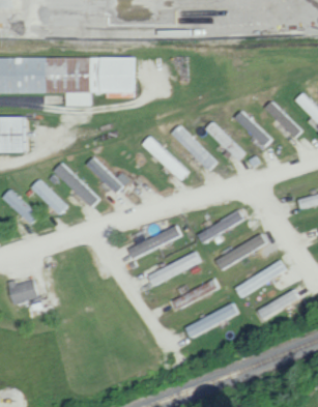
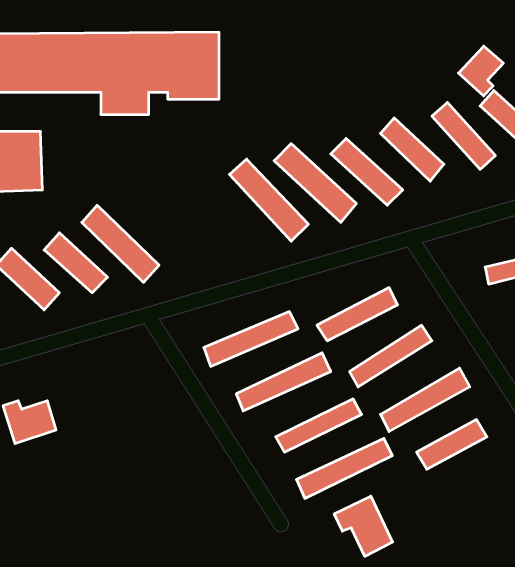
building: none -> [458,46,503,96]
building: [84,155,129,195] -> none
building: none -> [334,496,393,556]

